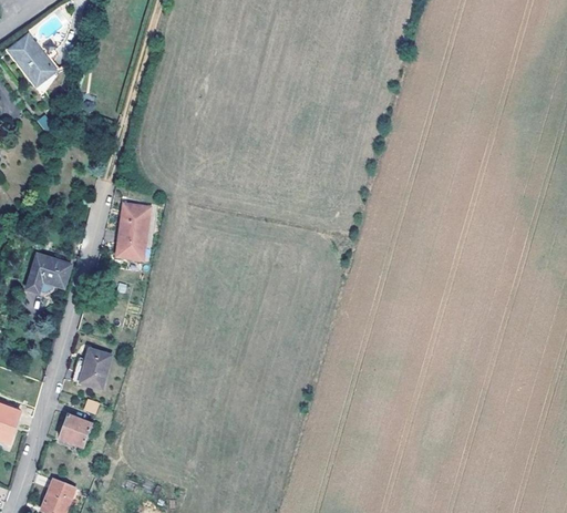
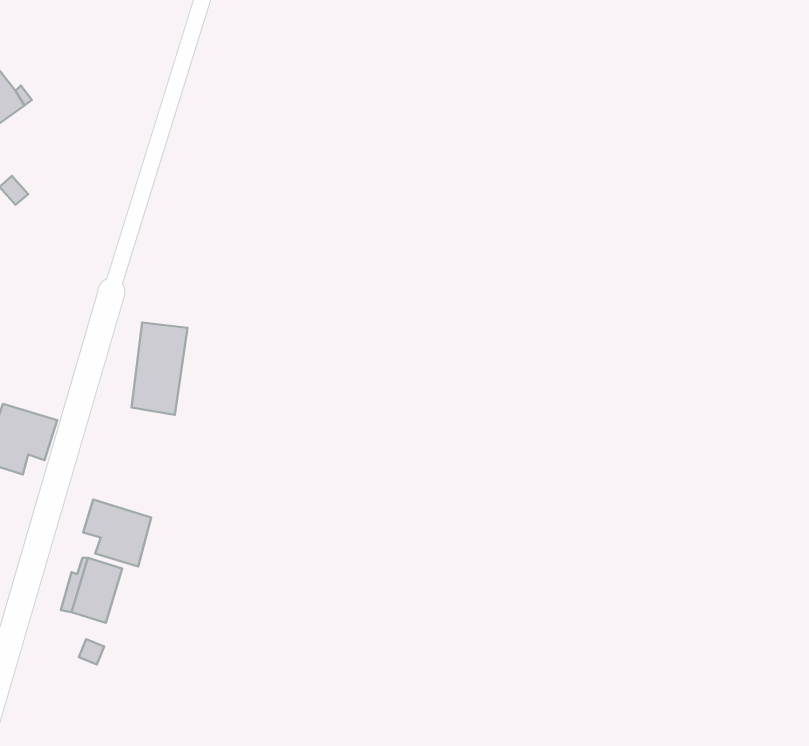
building: none -> [83,499,151,566]
building: [59,413,91,447] -> none

